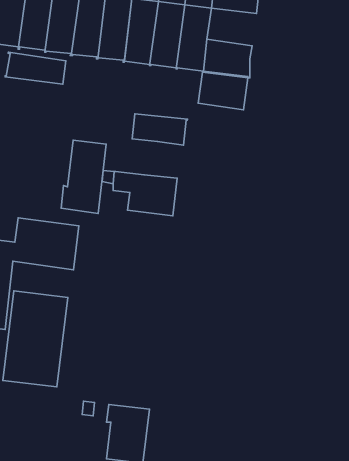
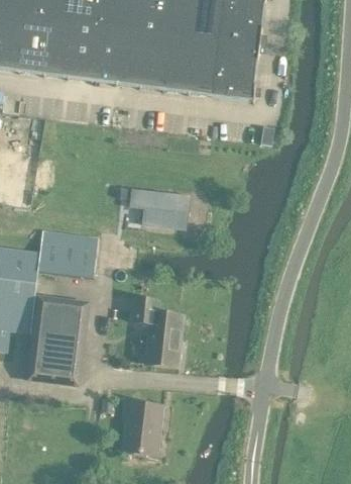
building: [5,52,66,84] -> none
building: [198,72,248,110] -> [214,37,259,72]
building: [132,114,187,145] -> none
building: [61,140,106,213] -> none
building: none -> [131,296,183,366]

